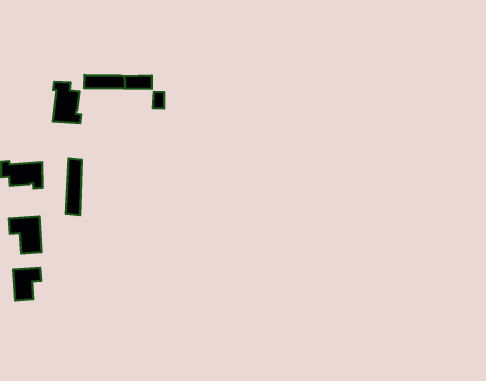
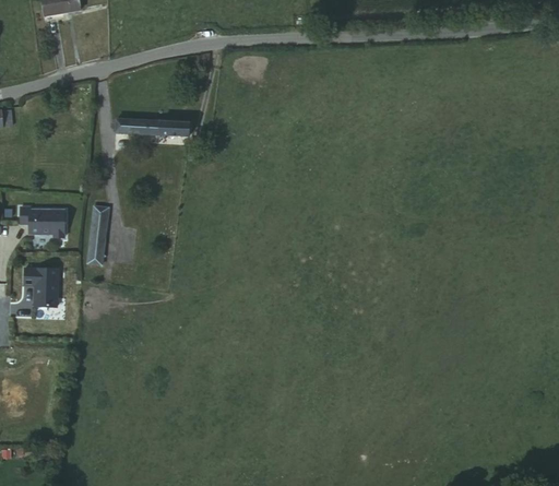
building: [53,82,81,123] -> none
building: [13,268,41,300] -> none

